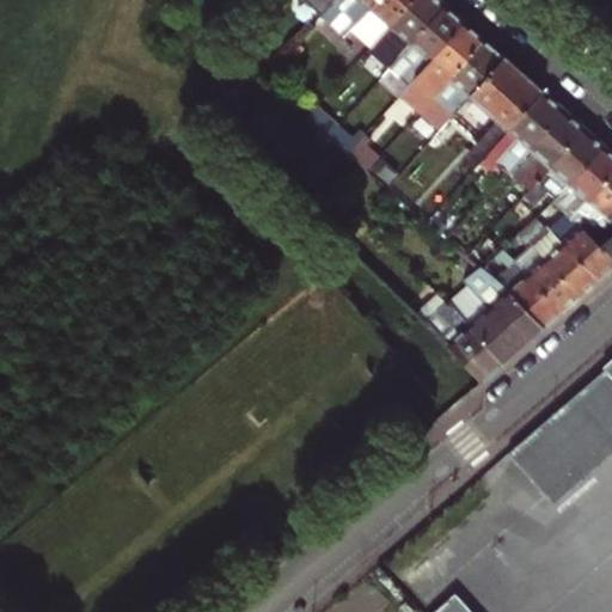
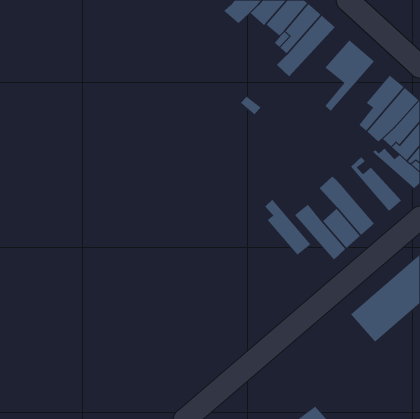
building: [420,41,508,134] -> none
building: [486,91,567,167] -> none
building: [526,220,602,293] -> none
building: [497,244,565,326] -> [264,199,311,256]

